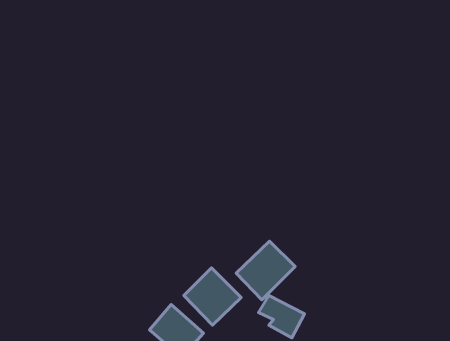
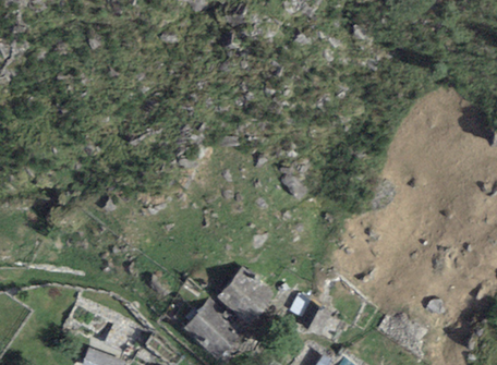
building: [236,241,295,300] -> none

